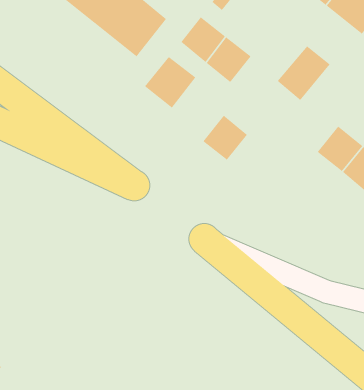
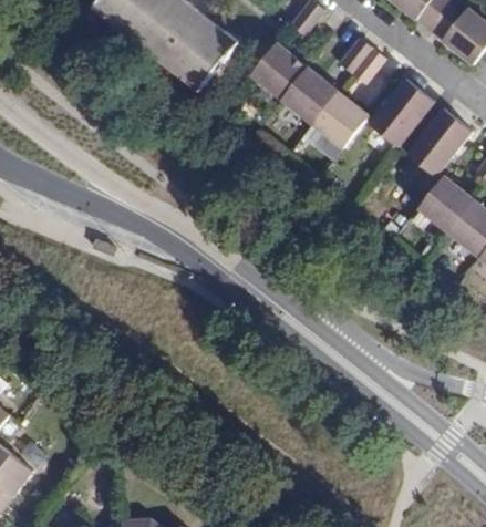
building: none -> [340,38,385,83]
building: [144,56,196,109] -> none
building: none -> [407,107,471,174]
building: [202,115,248,160] -> [312,91,368,146]

